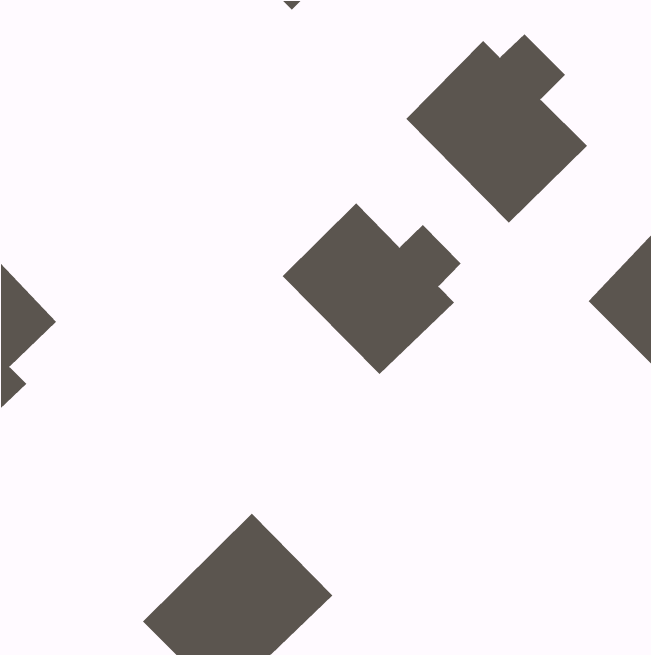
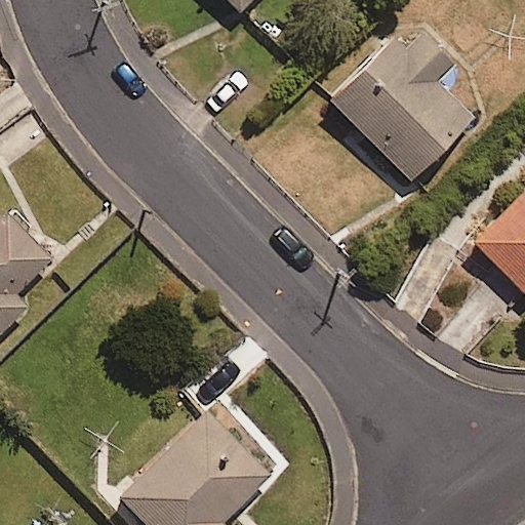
building: [282,202,462,375] -> none

